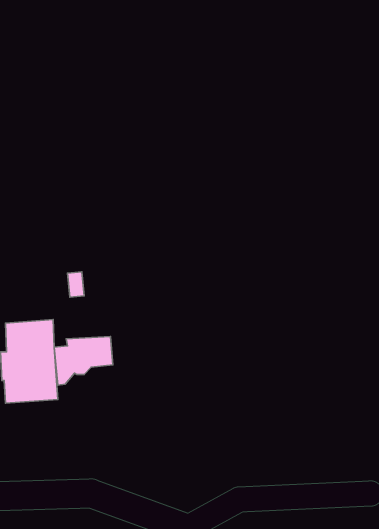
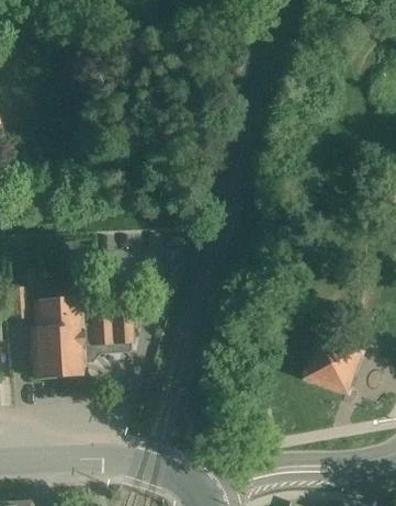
building: none -> [307,346,362,401]

